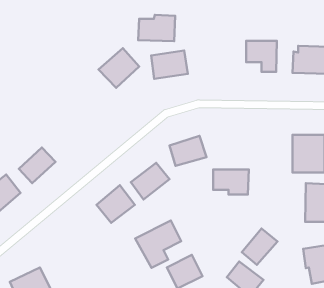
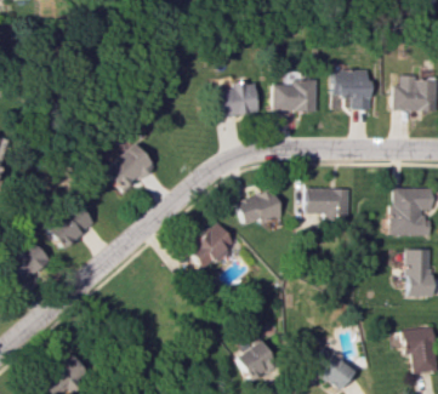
building: [138,15,175,41] -> [272,79,318,112]
building: [99,48,139,88] -> [102,143,153,193]
building: [213,169,249,195] -> [306,188,351,219]
building: [97,185,135,223] -> none
building: [135,220,181,268] -> none
building: [242,228,277,265] -> none

